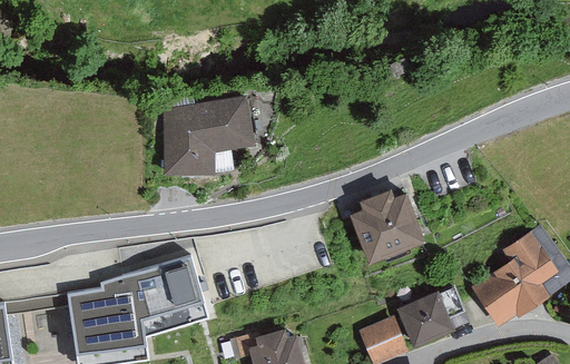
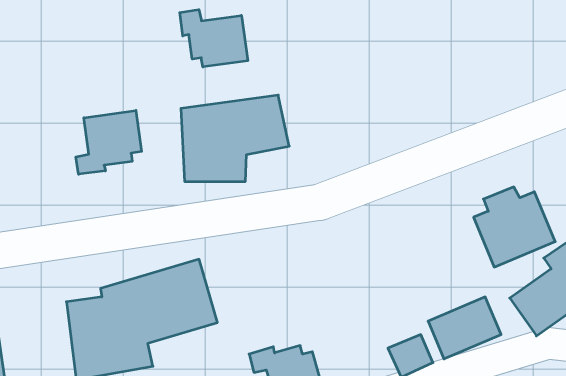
building: none -> [180,10,248,67]
building: none -> [76,110,142,174]
building: [351,187,425,260] -> [474,187,555,267]

